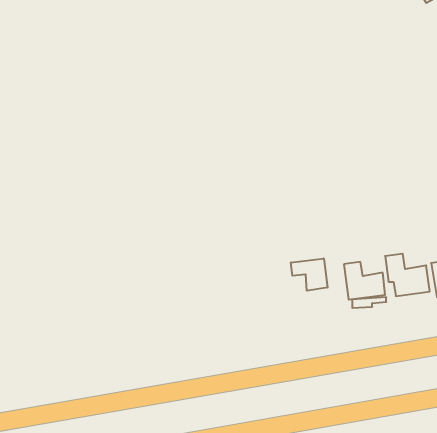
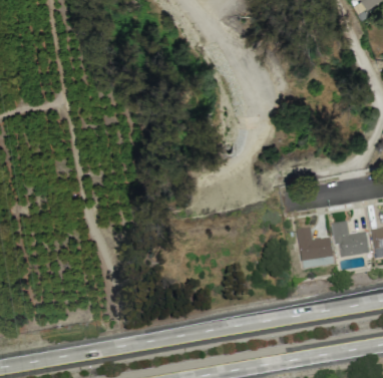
building: [291,258,328,291] -> none

